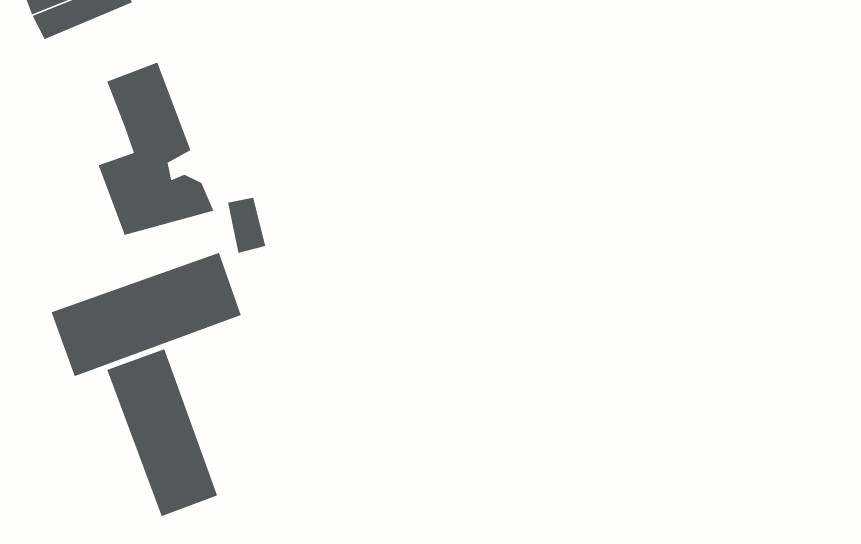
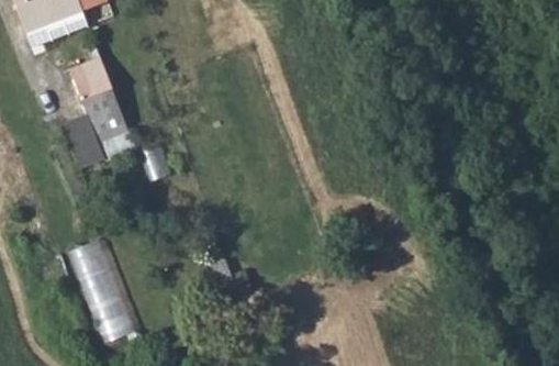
building: [50,252,242,377] -> none

